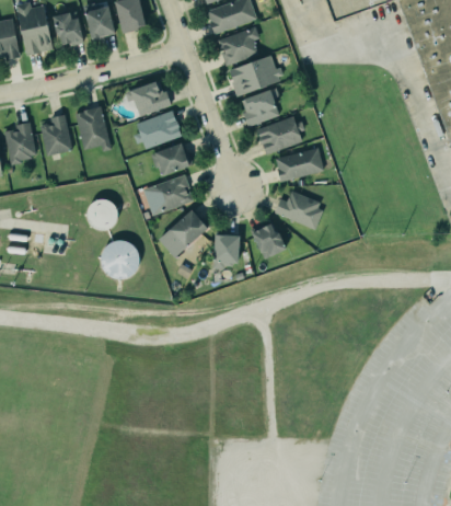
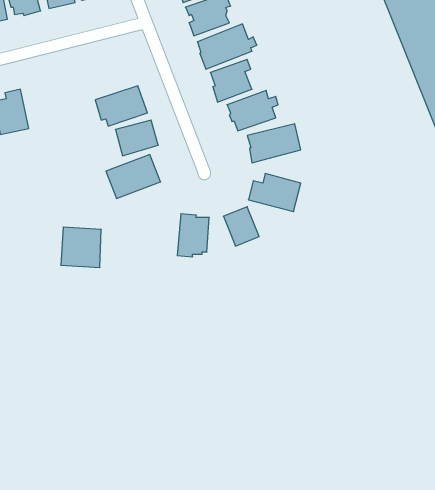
building: [126,80,171,115] -> none
building: [72,100,112,151] -> none
building: [88,198,118,230] -> none
building: [159,208,209,257] -> none

